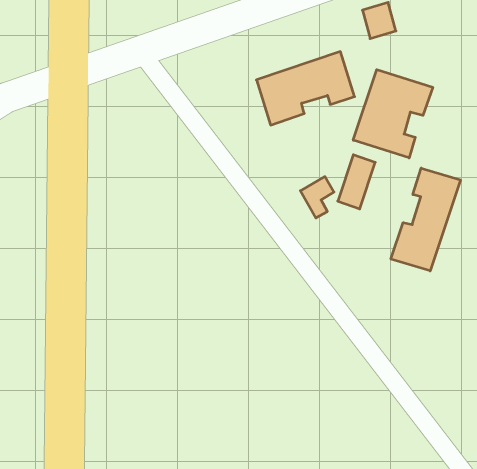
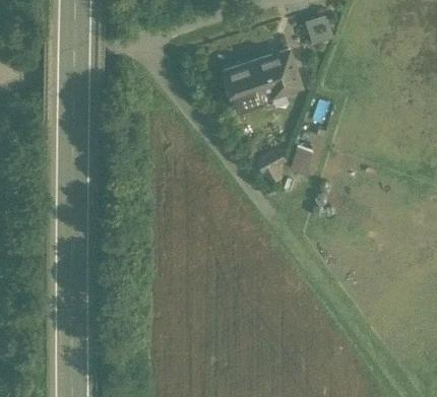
building: [353,70,433,158] -> none
building: [391,168,460,271] -> none

